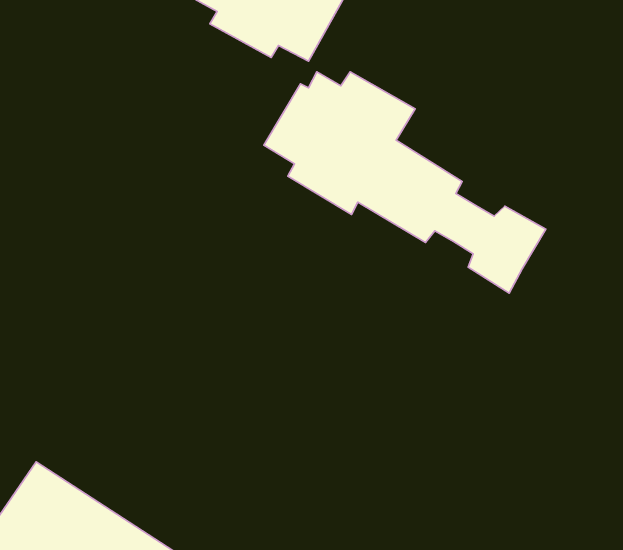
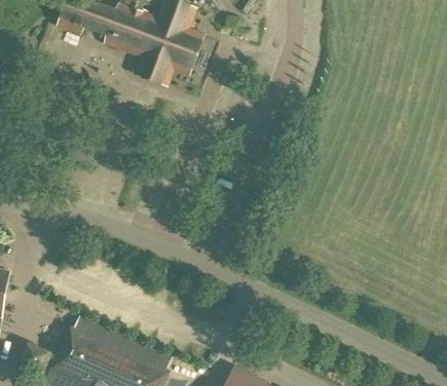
building: [264,72,546,293] -> none

